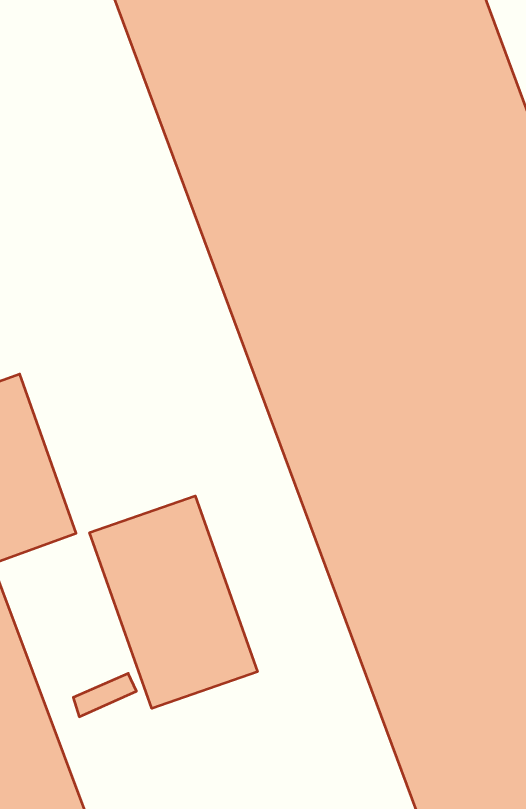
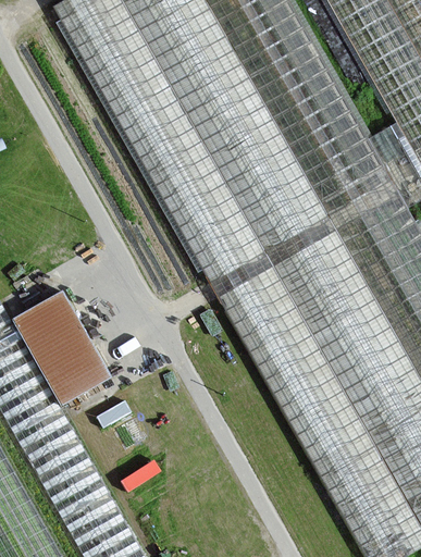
building: [90,496,257,708] -> none

